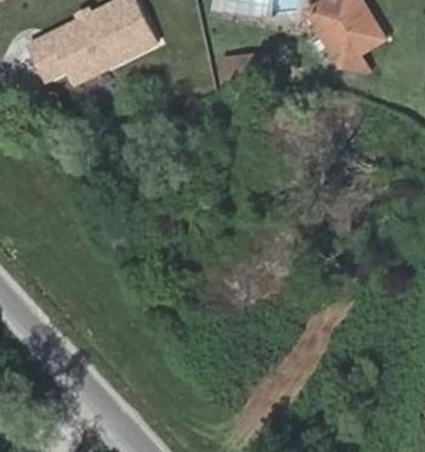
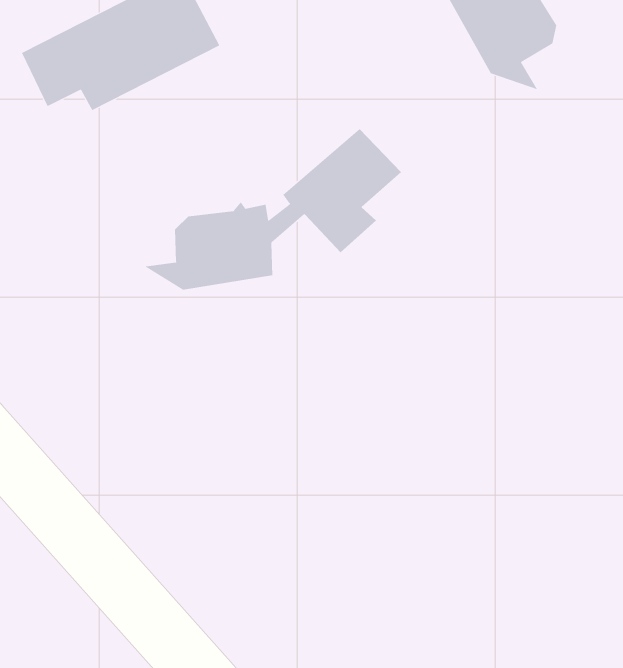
building: none -> [144,128,402,290]

